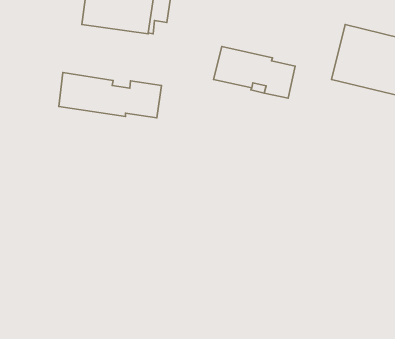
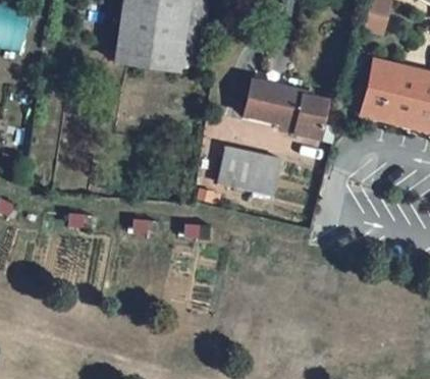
building: [59,73,161,118] -> none
building: none -> [218,146,281,194]

